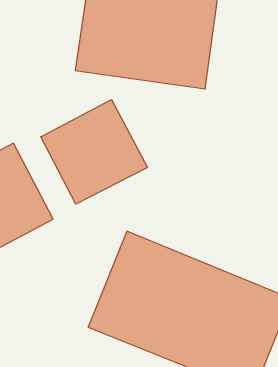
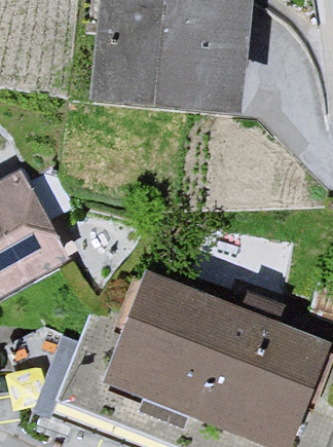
building: [41,100,147,204] -> none

